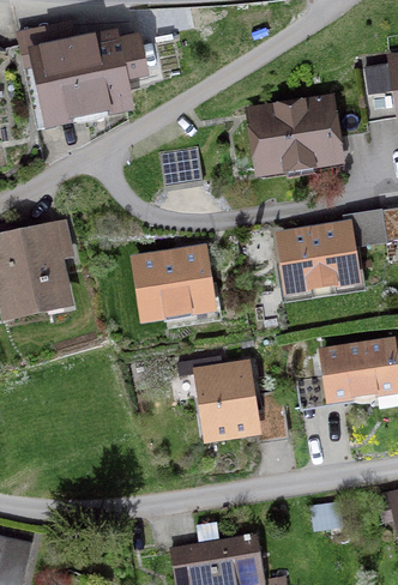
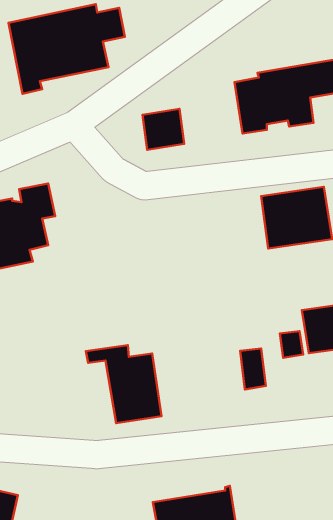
building: [138,249,212,318] -> none
building: [179,355,257,435] -> [86,345,161,423]

